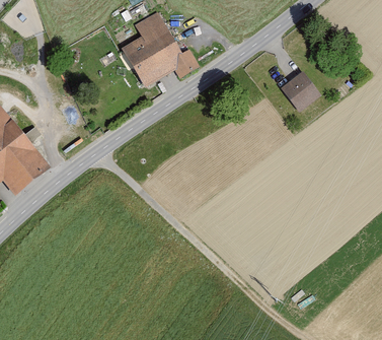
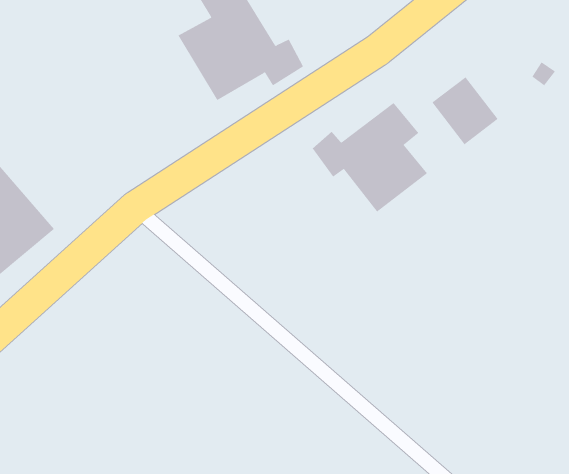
building: none -> [312,102,428,212]

